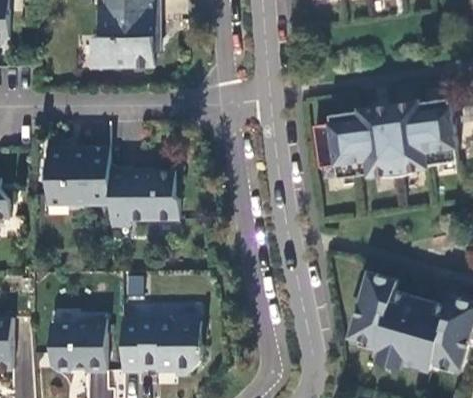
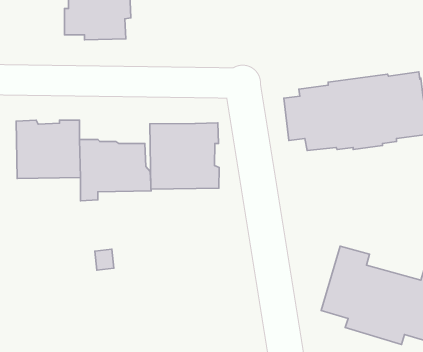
building: none -> [150,123,219,189]
building: [121,317,203,373] -> none
building: [50,318,107,371] -> none

